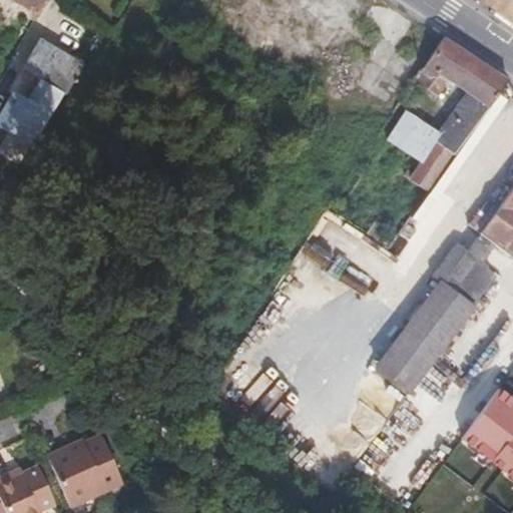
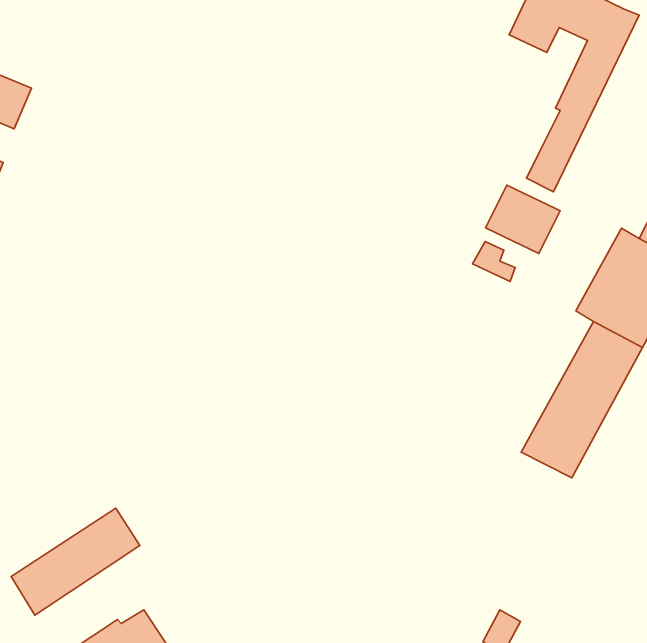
building: [388,112,441,162] -> [485,185,560,253]
building: none -> [11,508,140,615]

